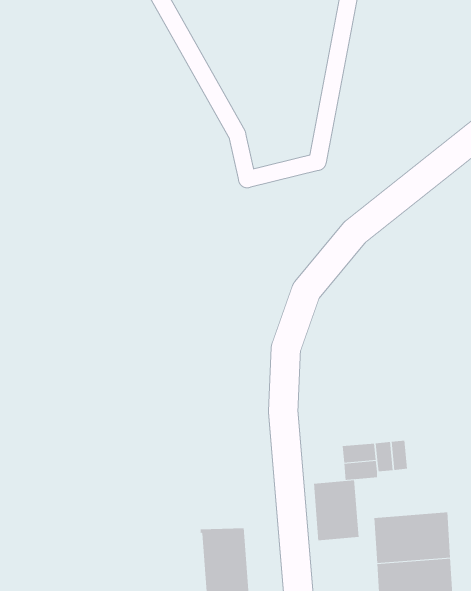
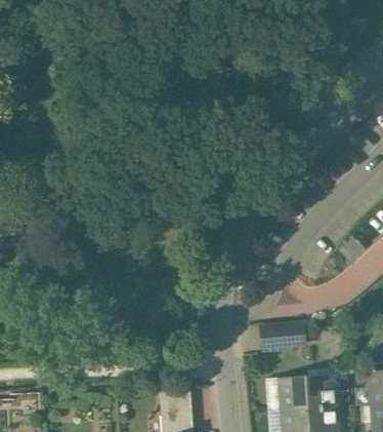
building: [313,480,359,541] -> none

